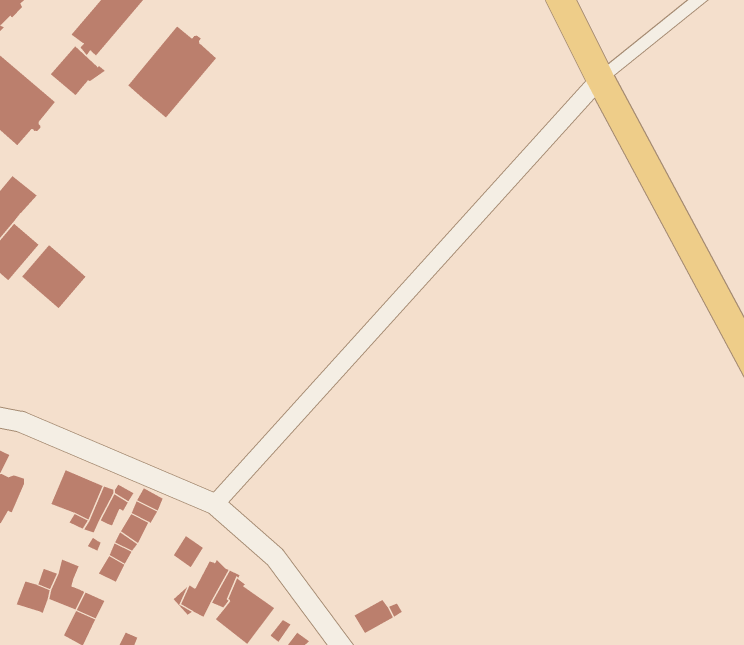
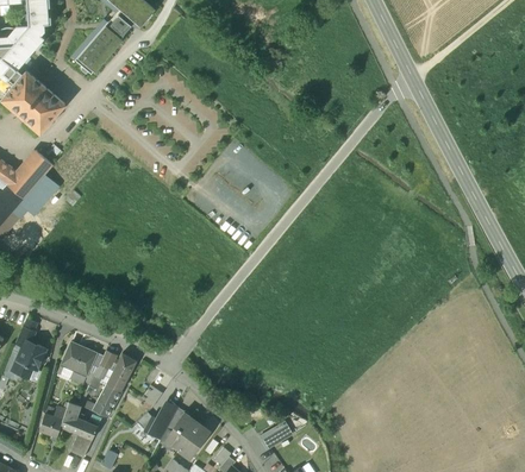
building: [128,26,217,119] -> none
building: [50,46,106,96] -> none
building: [21,244,86,309] -> none

